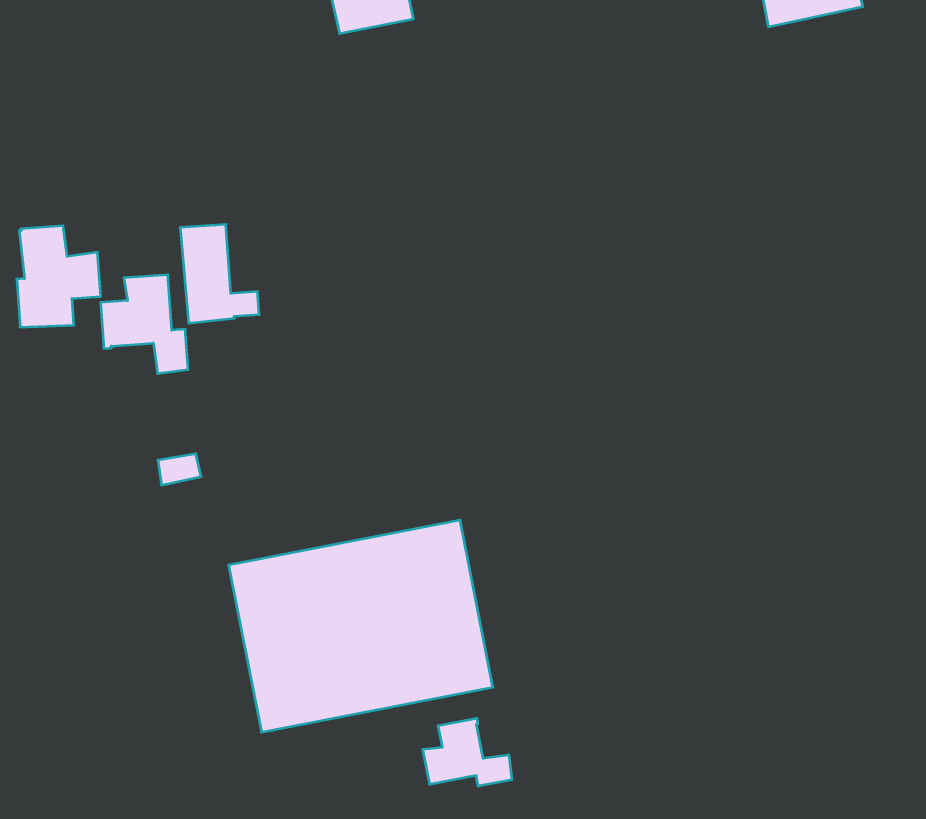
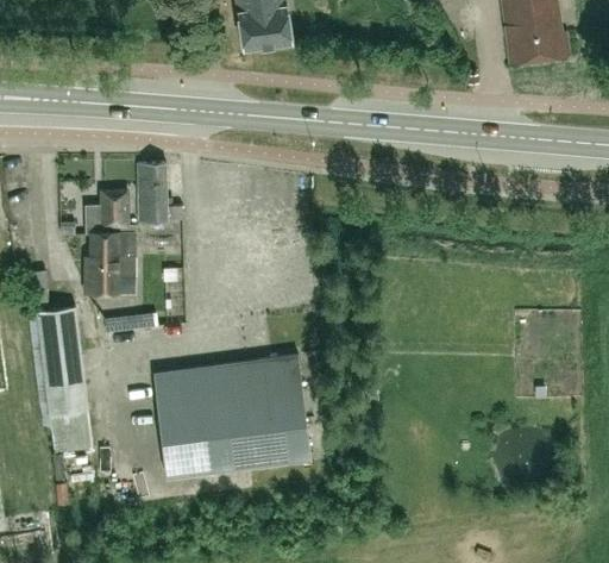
building: [17,226,101,327] -> [84,233,136,295]
building: none -> [27,307,92,452]
building: [423,718,512,786] -> none

